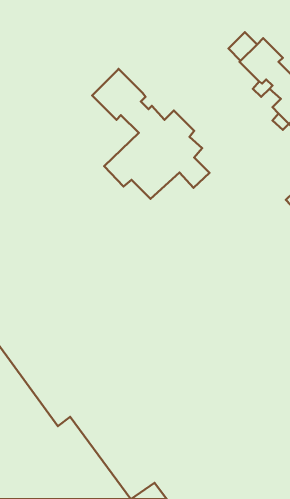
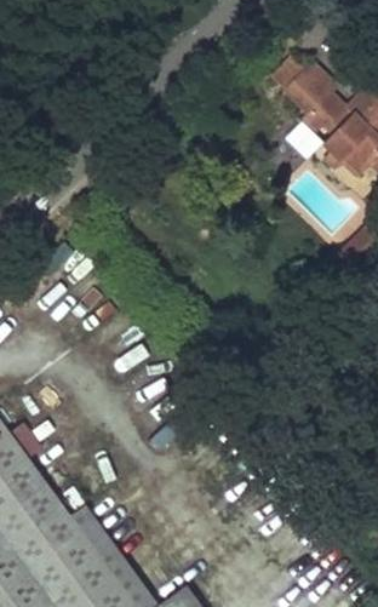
building: [92,69,210,199] -> none

